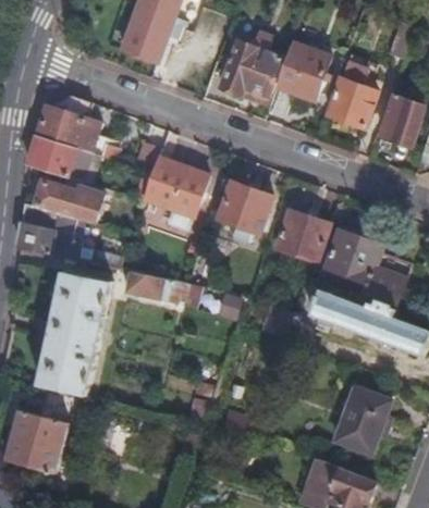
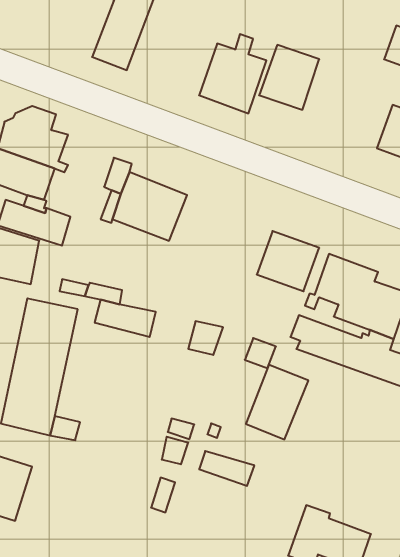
building: [328,63,378,129] -> none
building: [217,183,271,234] -> none
building: [334,386,391,454] -> [246,365,308,439]

